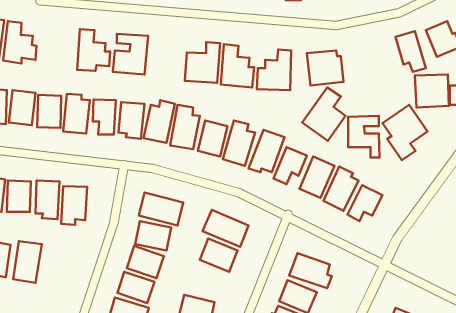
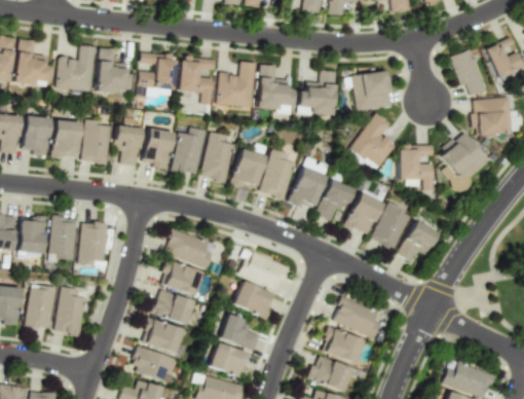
building: none -> [57,45,95,90]
building: none -> [178,58,215,104]
building: none -> [54,286,86,335]
building: none -> [219,314,260,350]

